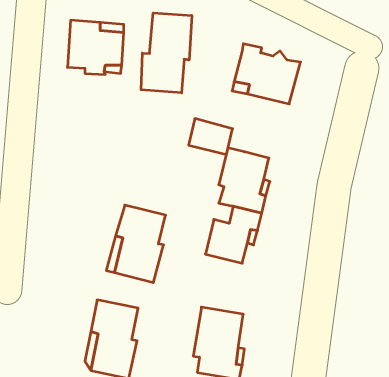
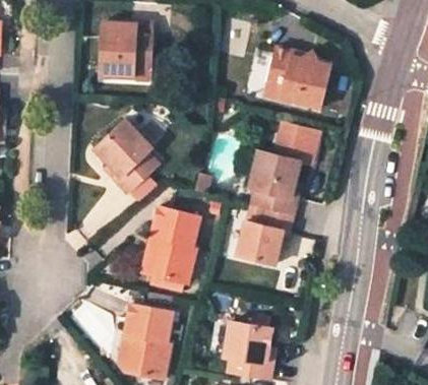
building: [141,13,192,93] -> none
building: none -> [96,120,160,191]
building: [189,119,233,154] -> [276,128,319,164]

